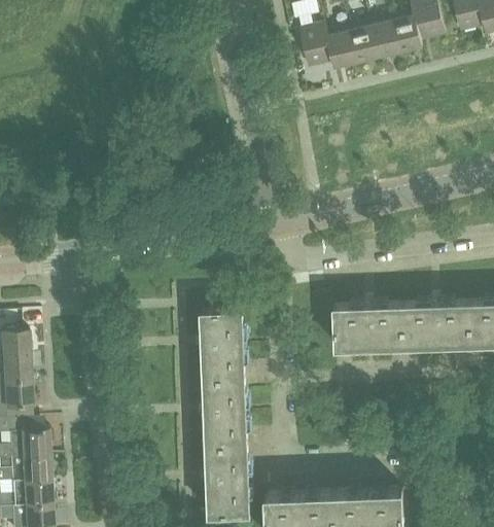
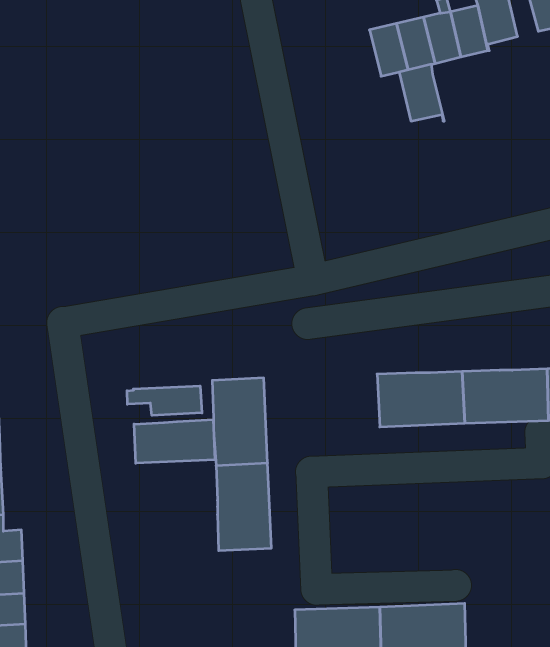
building: [298,25,334,70] -> [399,64,444,121]
building: none -> [127,386,202,415]
building: none -> [134,420,215,463]
building: [205,447,249,516] -> none

